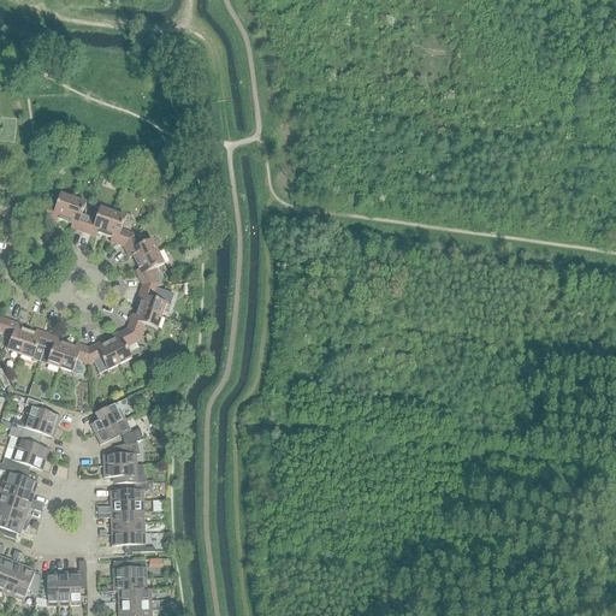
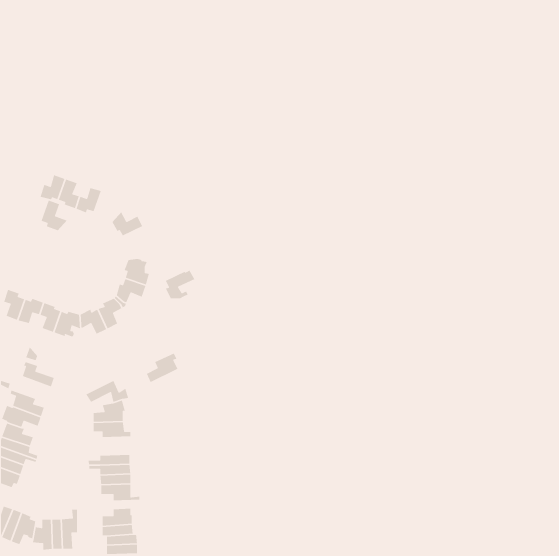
building: [103,209,134,244] -> [40,199,68,231]
building: [135,248,168,280] -> [165,270,195,299]
building: [89,399,125,433] -> [146,353,179,383]
building: [19,414,57,438] -> none
building: [108,480,152,500] -> none

